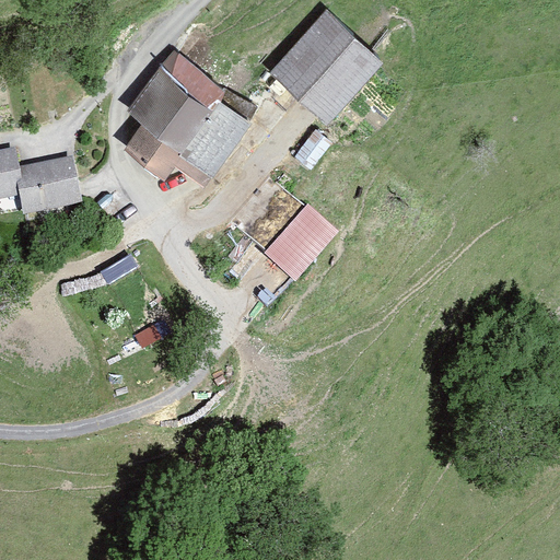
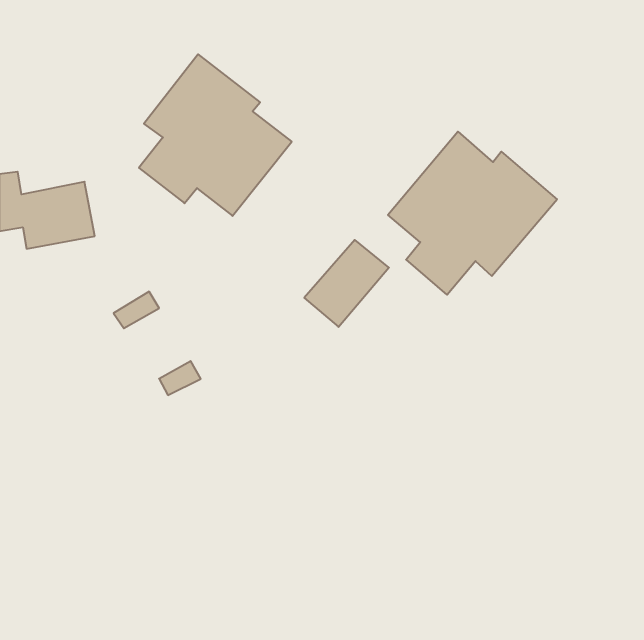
building: [272,13,377,119] -> none
building: none -> [388,132,557,295]

